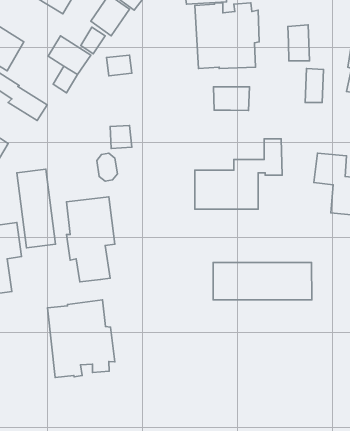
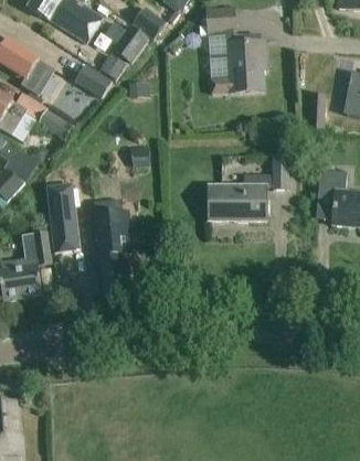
building: [288,25,310,61] -> none
building: [213,87,249,111] -> none
building: [213,263,312,300] -> none
building: [48,300,115,377] -> none

